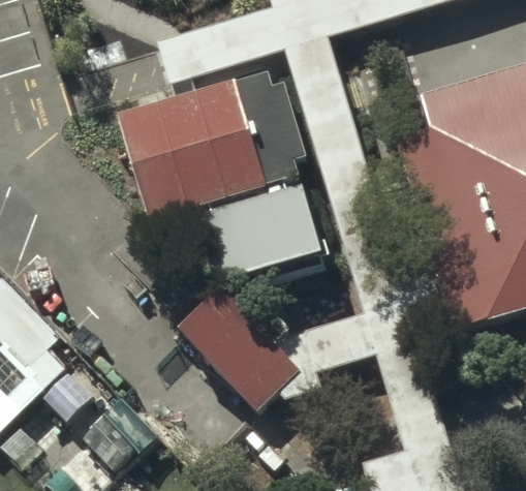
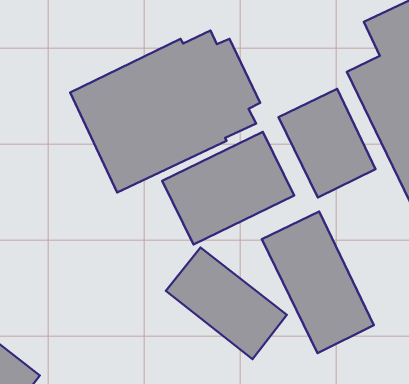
building: none -> [279,89,376,198]
building: none -> [262,212,374,353]

